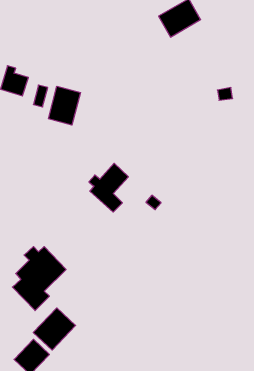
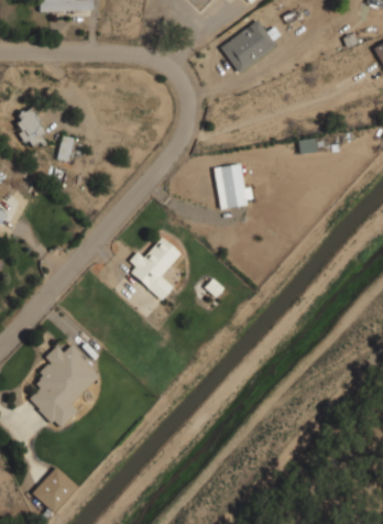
building: [48,86,80,125] -> none
building: none -> [212,163,252,207]
building: [33,308,76,350] -> none

